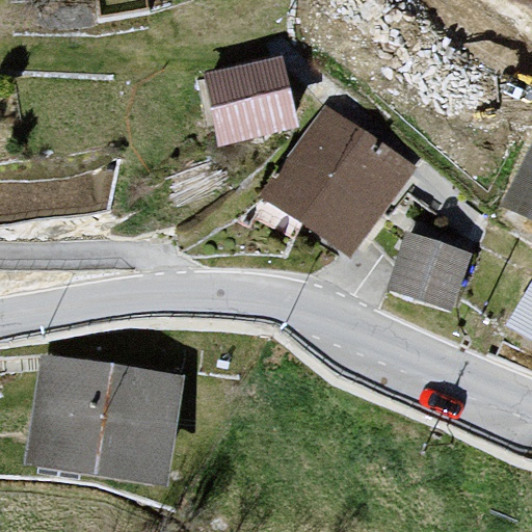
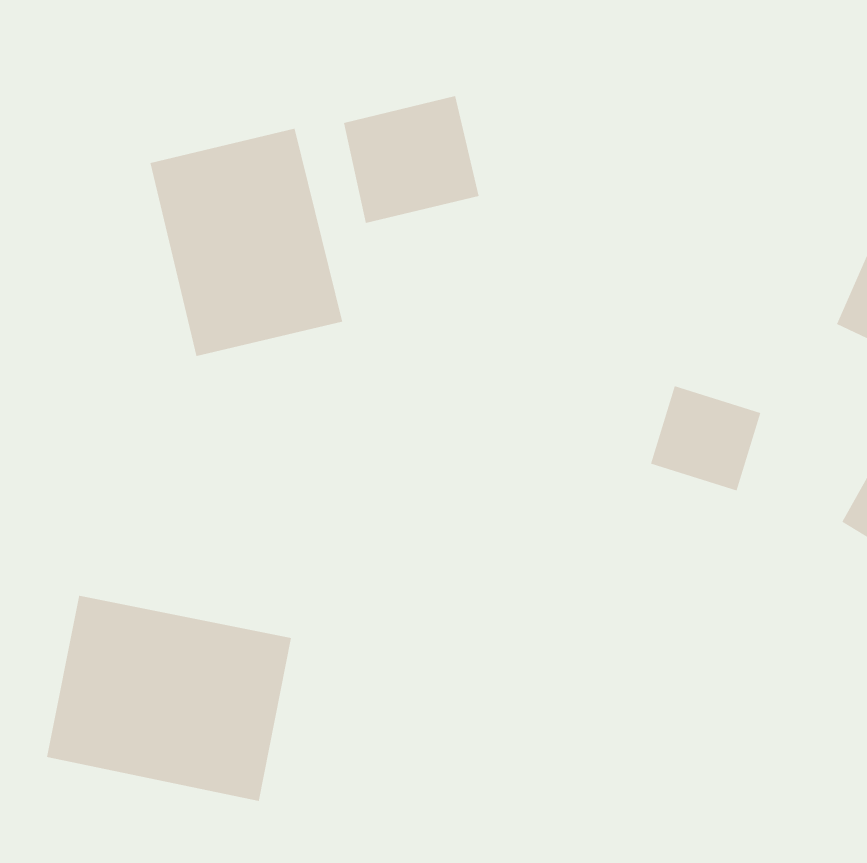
building: none -> [150,128,343,357]
building: [276,111,406,241] -> none

